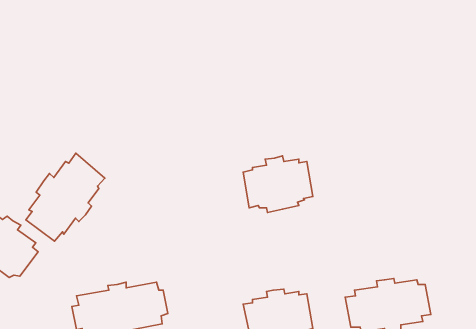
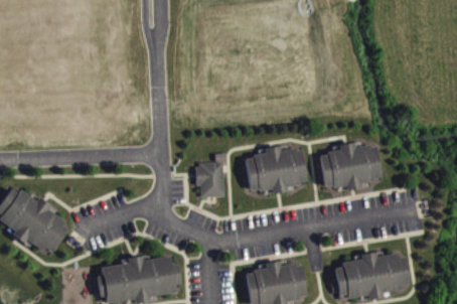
building: none -> [319,142,379,189]
building: [26,153,105,241] -> none
building: none -> [195,153,225,197]

